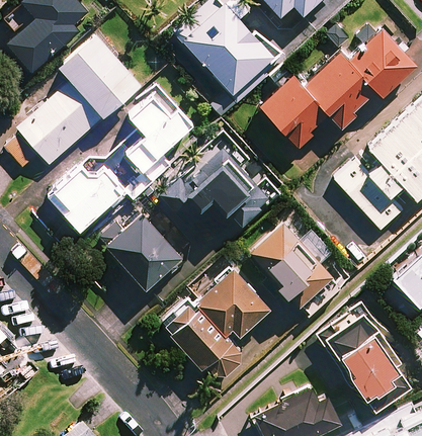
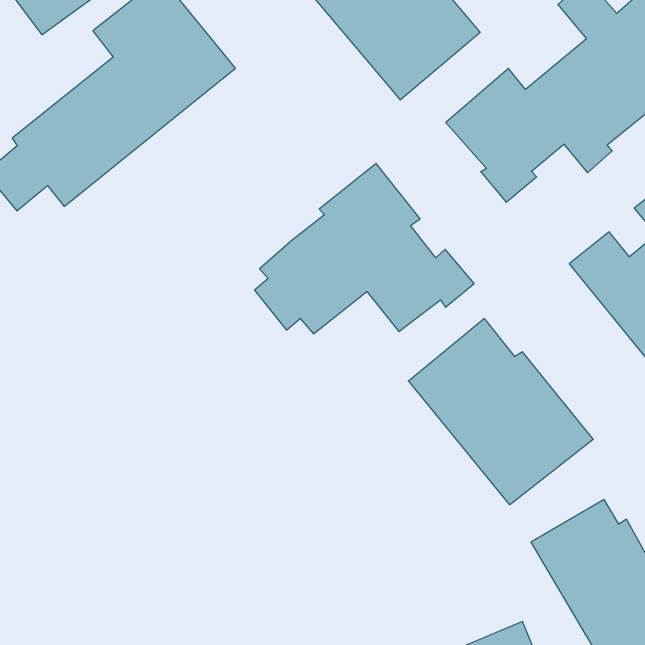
building: [46,91,192,233] -> none
building: [99,212,182,297] -> none
building: [160,269,270,382] -> none

